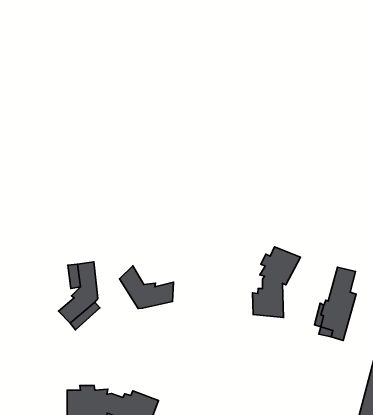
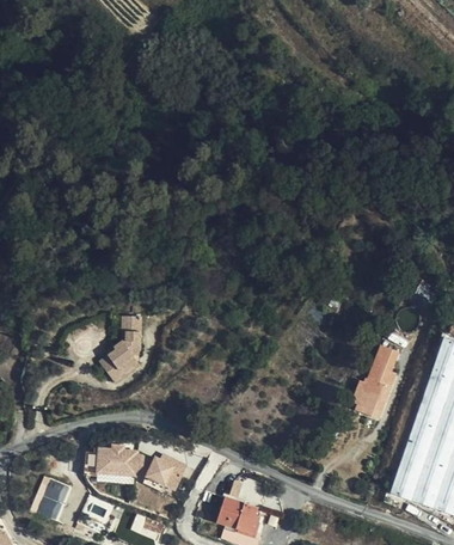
building: [253,247,300,318] -> none
building: [120,266,174,309] -> none

